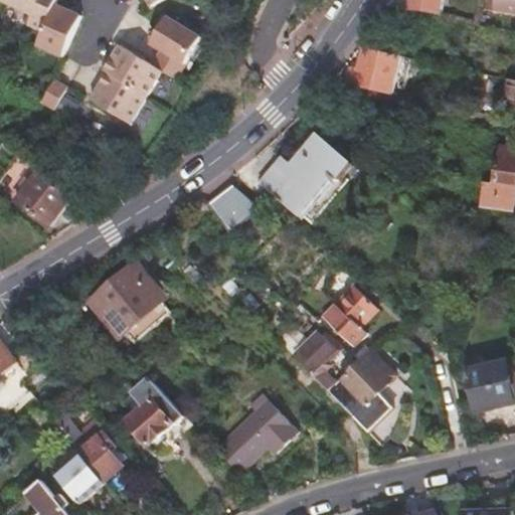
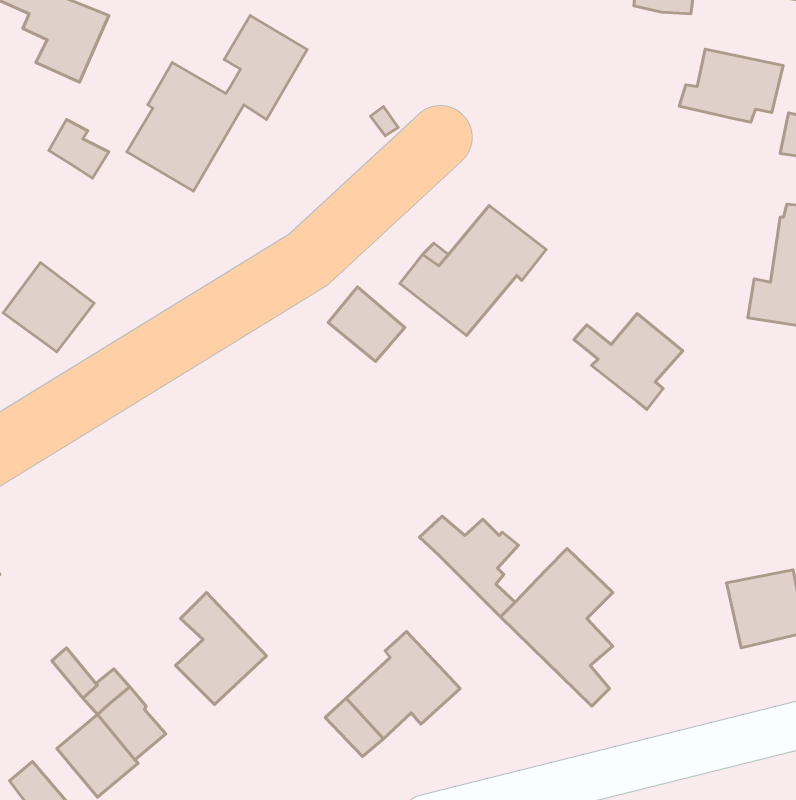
building: [346,47,410,93] -> [679,49,783,122]
building: [94,265,169,339] -> none
building: [304,281,371,340] -> [574,314,683,409]

